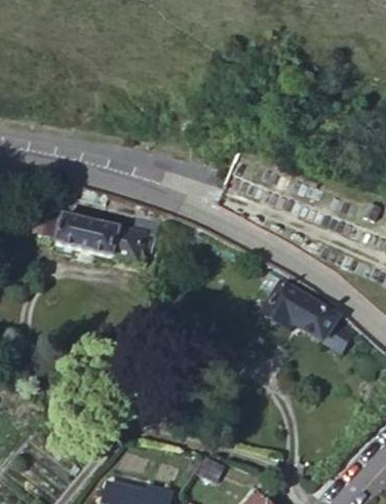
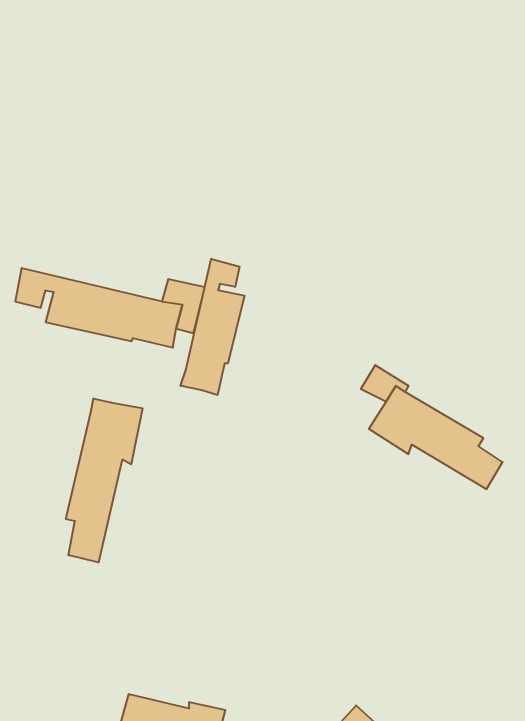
building: none -> [181,259,244,395]
building: none -> [66,398,143,562]

